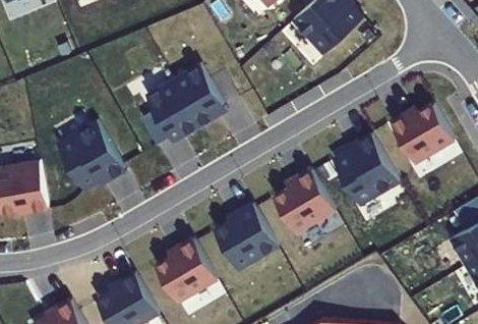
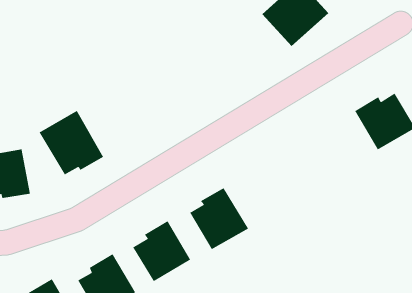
building: [145,66,227,146] -> none
building: [332,134,399,208] -> none
building: [273,170,335,235] -> none

